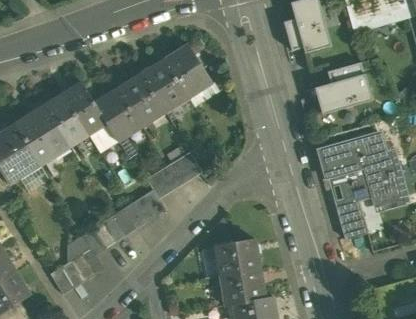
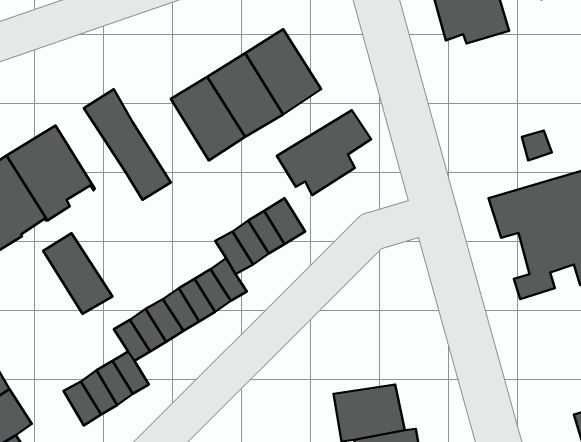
building: [314,62,372,114] -> none
building: [93,88,141,141] -> none
building: [44,94,88,145] -> [43,233,113,314]
building: none -> [277,110,371,195]
building: [338,208,367,238] -> none
building: [214,238,259,275] -> none

